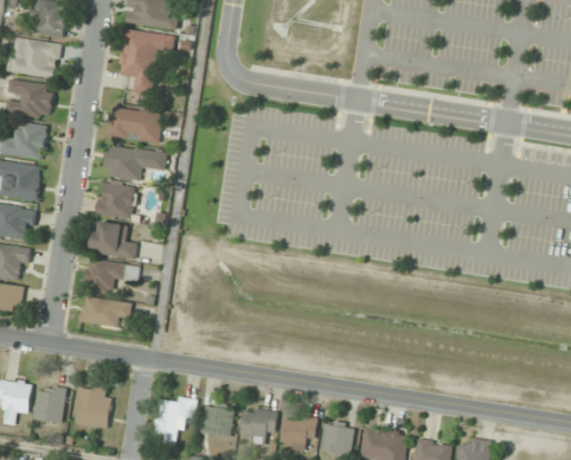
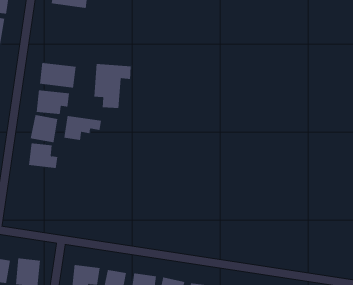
building: [120,30,174,94] -> [93,64,132,108]
building: [85,258,140,294] -> [64,116,102,140]
building: [79,295,131,327] -> none

